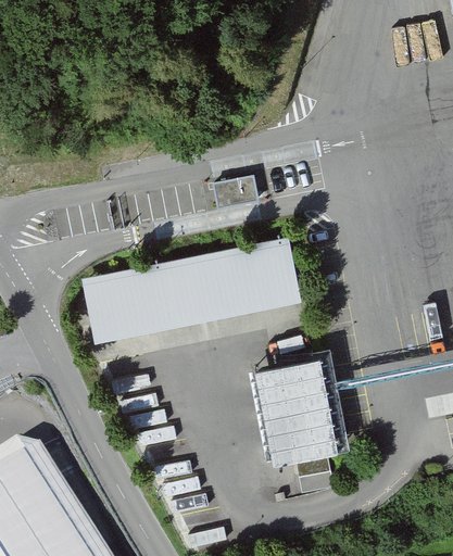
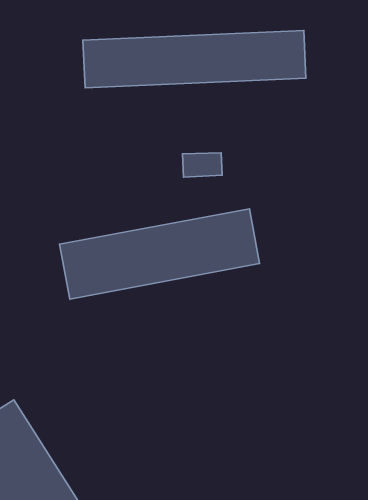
building: none -> [83,30,306,88]
building: [253,355,349,464] -> none

